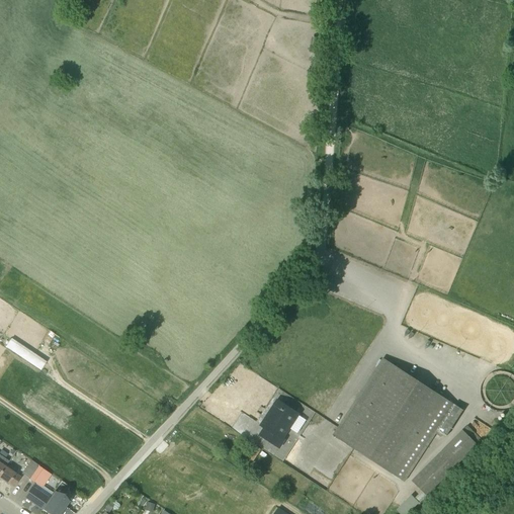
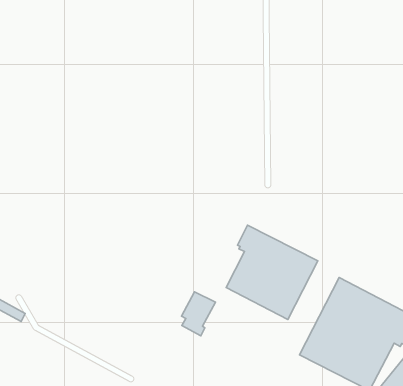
building: none -> [226,225,318,320]
building: [260,401,298,448] -> [182,292,215,336]

